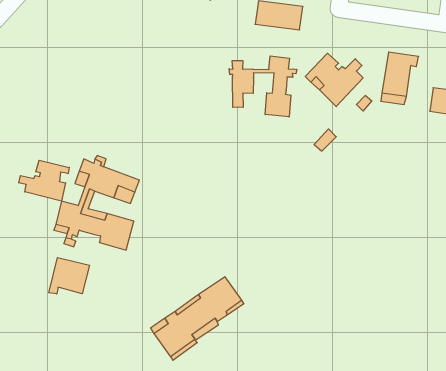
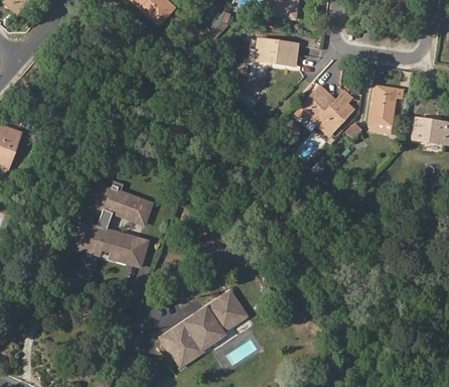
building: [229,56,297,117] -> none
building: [19,160,69,201] -> none
building: [49,258,89,294] -> none

